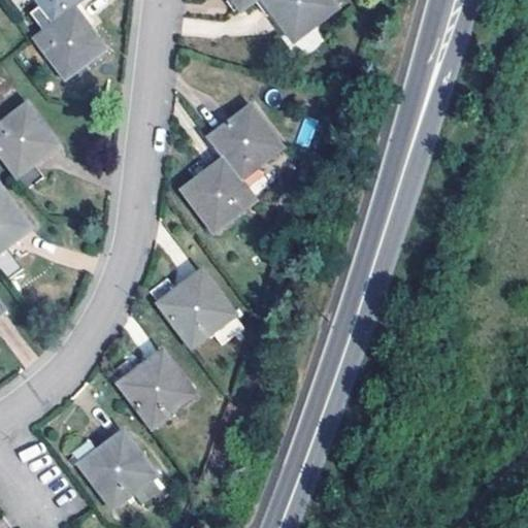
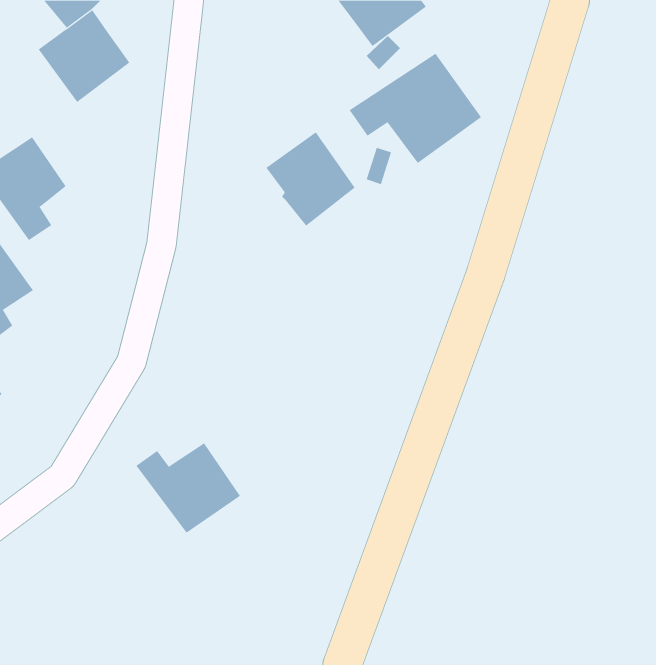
building: none -> [349,53,482,164]
building: [185,158,254,228] -> none
building: [148,275,231,346] -> none
building: [71,431,155,505] -> none

